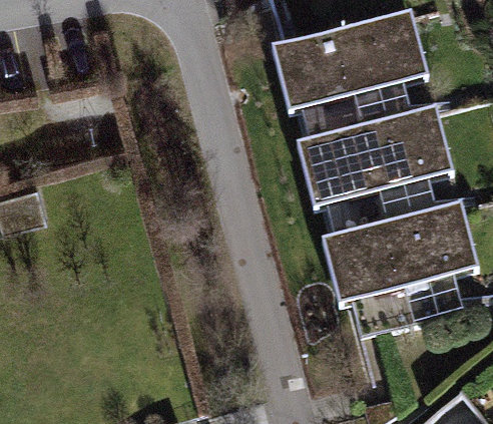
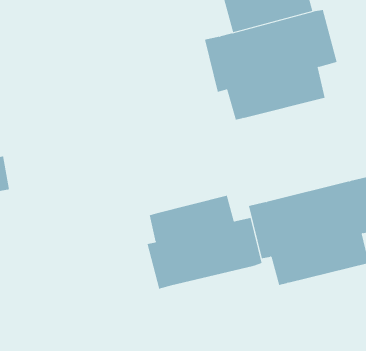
building: [300,110,453,239] -> none
building: none -> [147,195,262,290]

